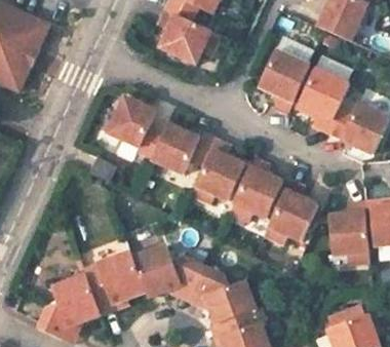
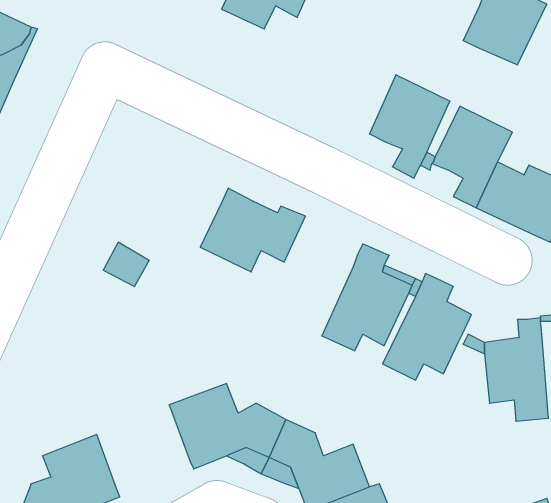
building: [156,9,222,64] -> none
building: [108,95,163,158] -> none
building: [189,139,244,206] -> none
building: [82,250,144,309] -> none

